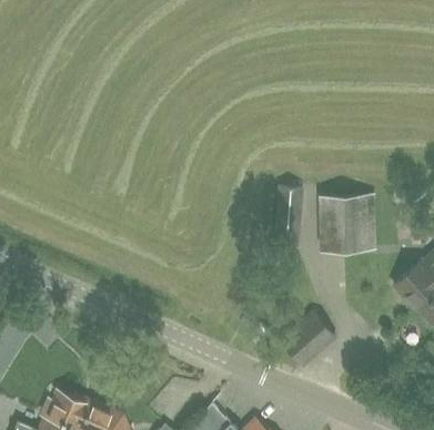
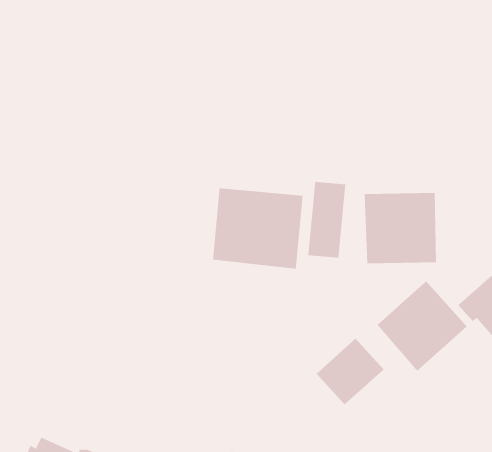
building: none -> [212,187,303,269]
building: none -> [377,280,468,372]

